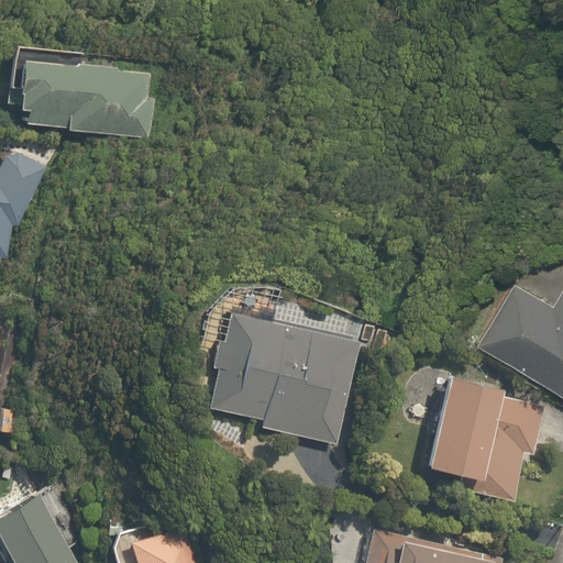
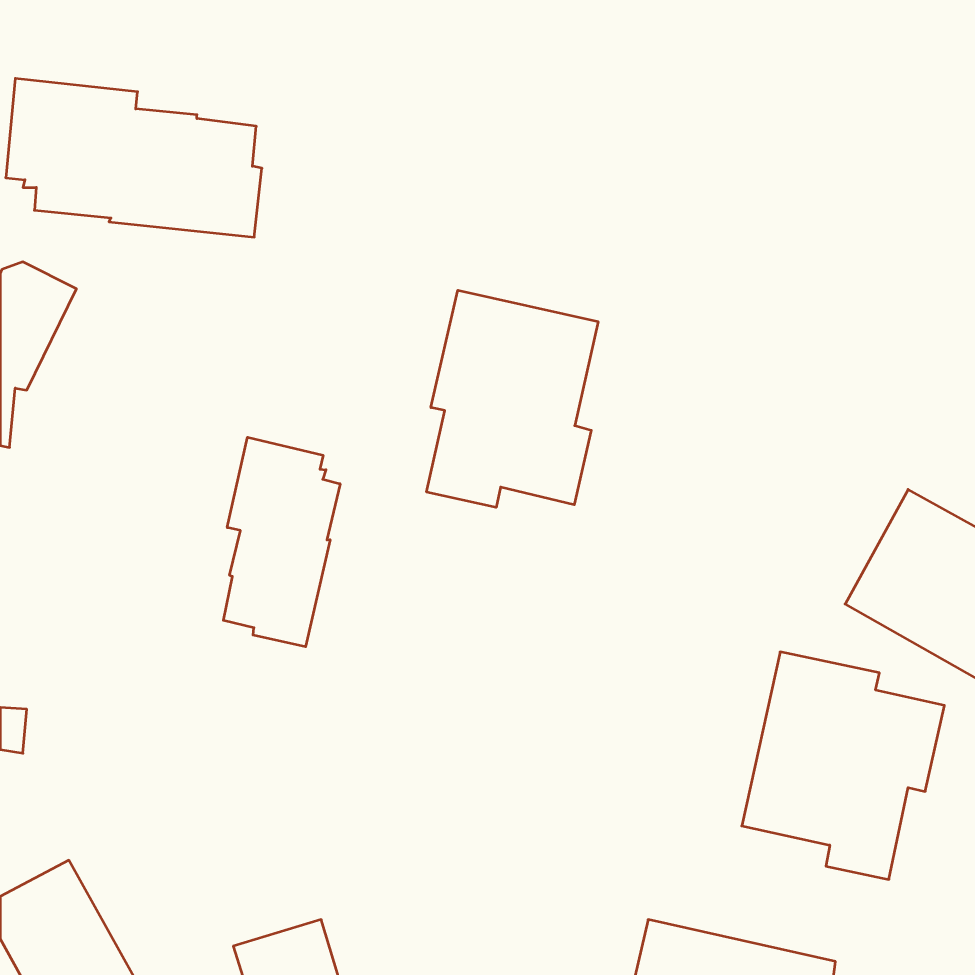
building: none -> [427,290,598,507]
building: none -> [223,437,340,647]
building: [207,313,356,443] -> none

